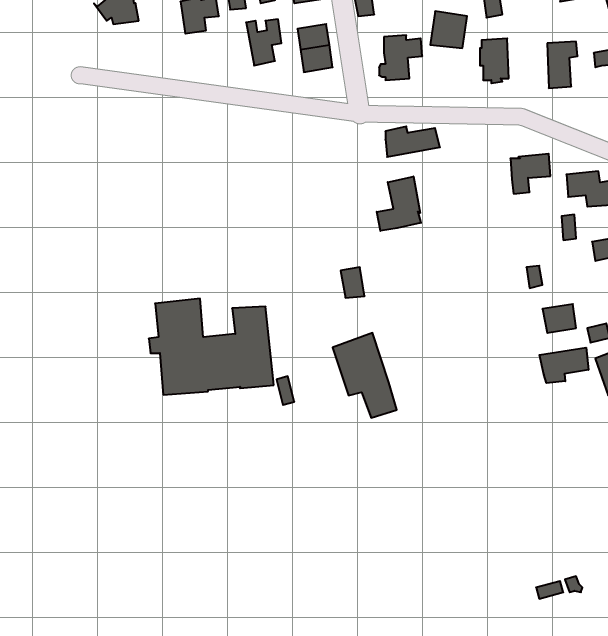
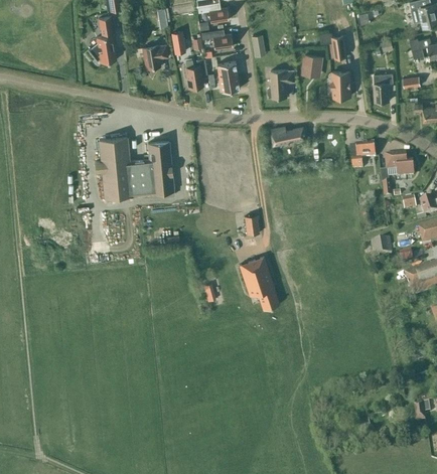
building: [377,176,421,231] -> none
building: [149,299,274,395] -> [95,137,173,197]
building: [539,348,588,383] -> none

